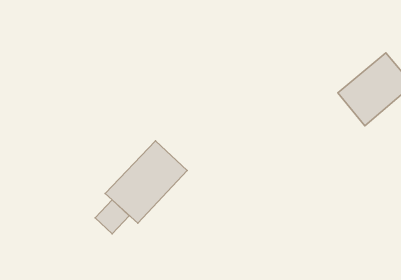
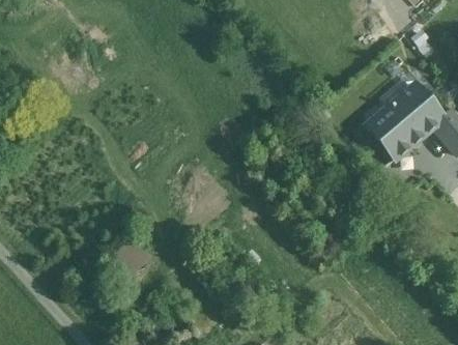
building: [105,141,187,223] -> none

